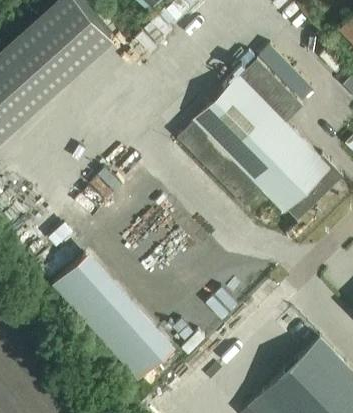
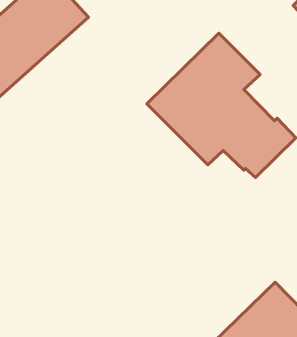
building: [259,44,314,100] -> none
building: [52,253,167,371] -> none

